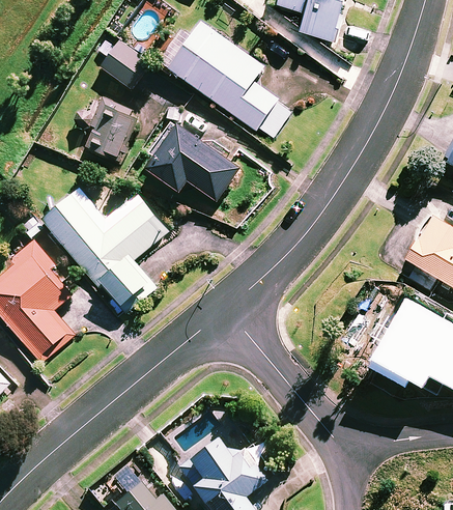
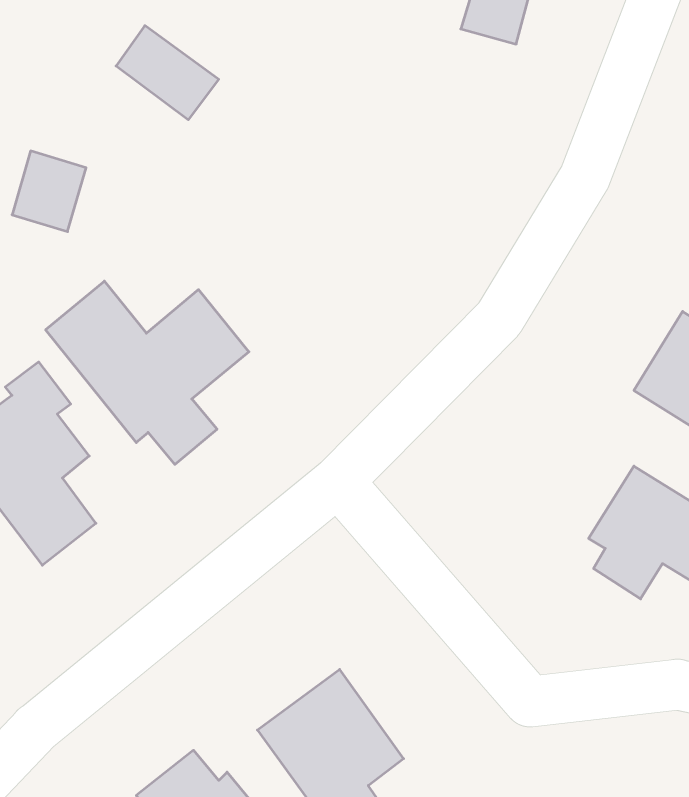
building: [165,20,292,141] -> none
building: [87,110,133,160] -> [12,151,86,232]
building: [144,119,240,199] -> none

